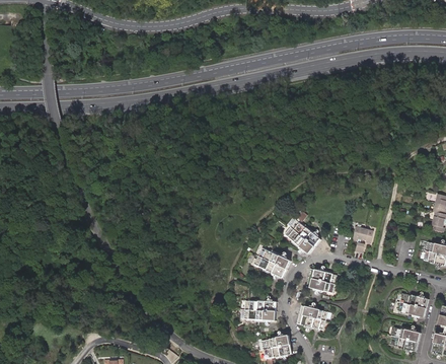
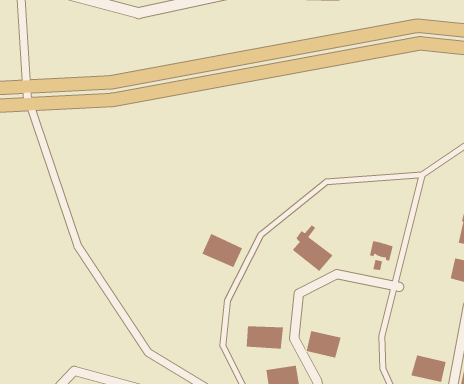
building: [254,247,291,278] -> [201,233,243,268]
building: [305,268,338,293] -> none
building: [393,293,429,317] -> none

